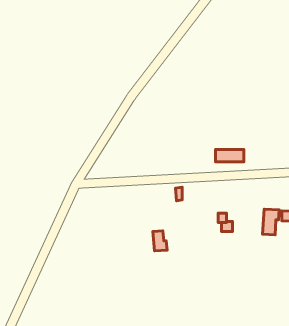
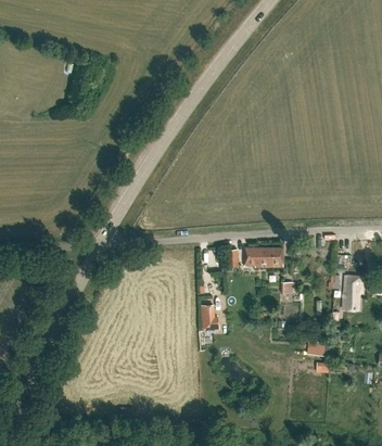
building: [215,149,244,162] -> [244,249,281,265]

